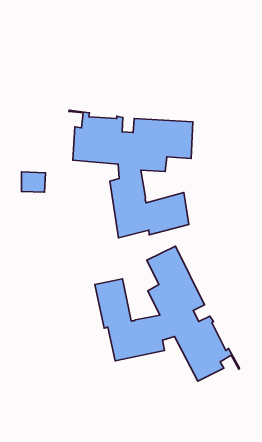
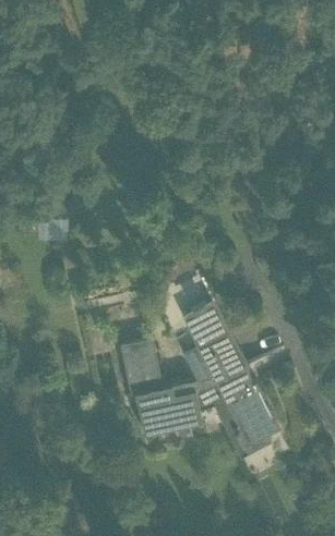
building: [69,110,193,238] -> none

